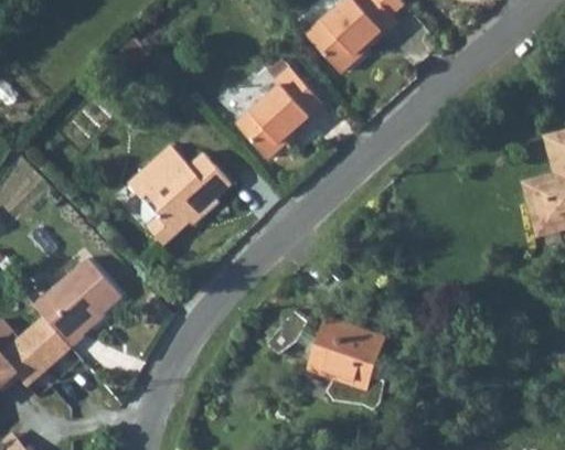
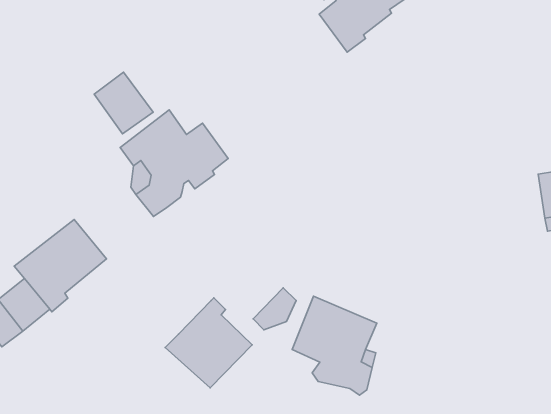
building: [235,67,320,159] -> none
building: none -> [94,72,153,134]
building: none -> [165,298,252,388]

